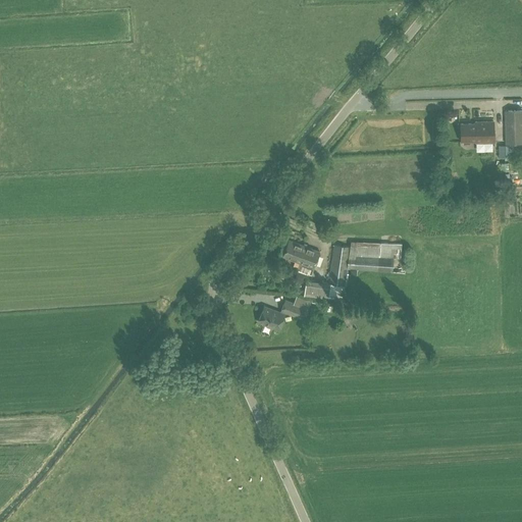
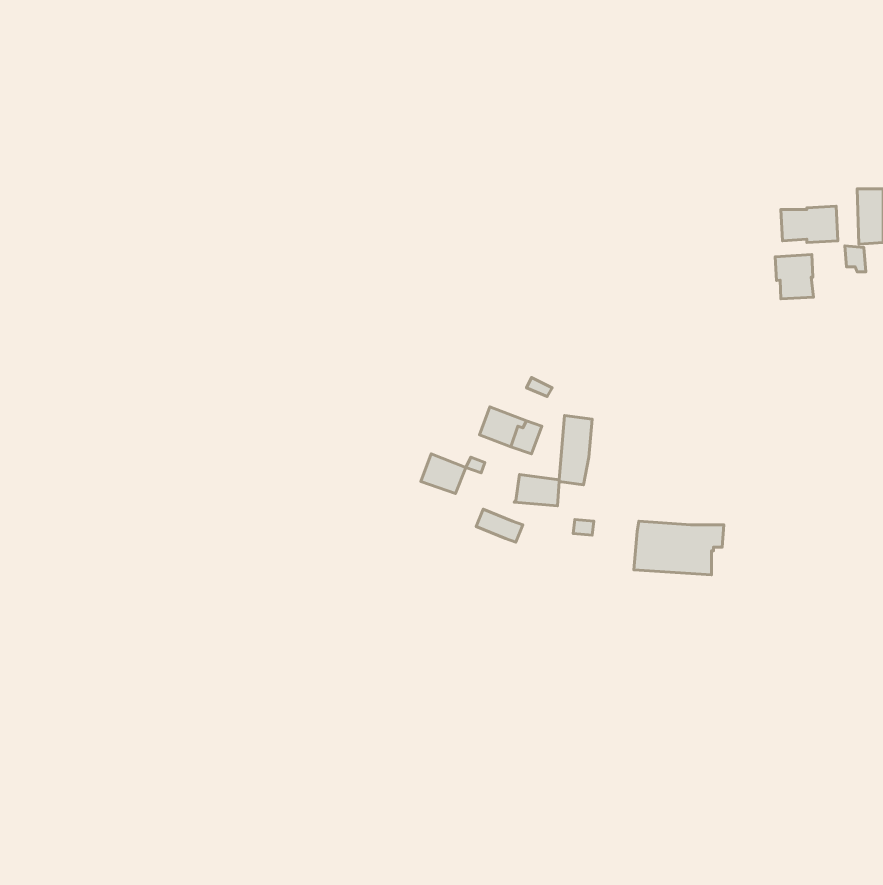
building: none -> [775,255,814,299]
building: [347,241,400,272] -> [634,521,724,575]
building: [257,306,283,329] -> [421,454,466,494]

